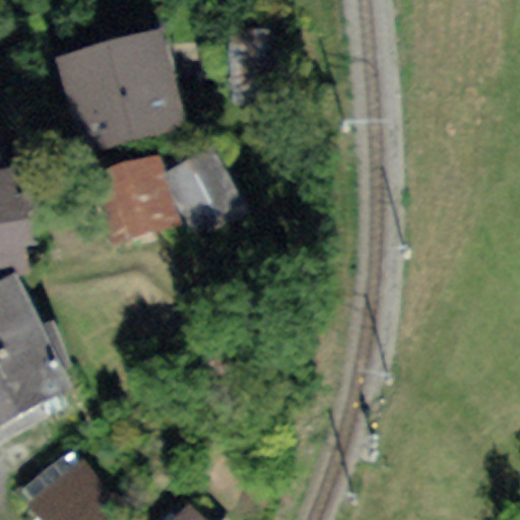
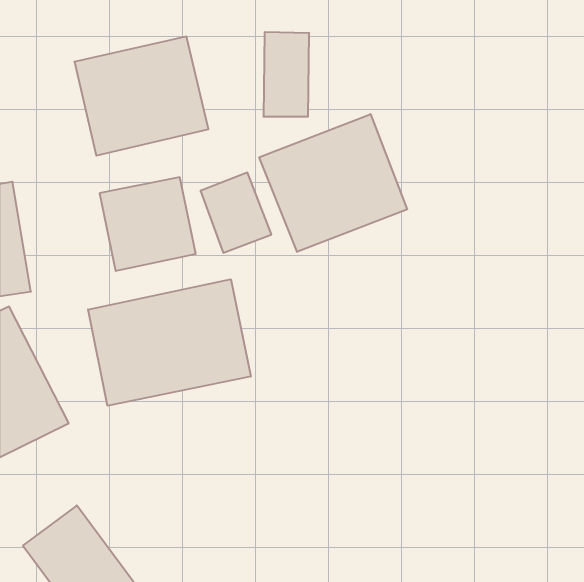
building: none -> [259,114,407,252]
building: none -> [88,279,251,406]

